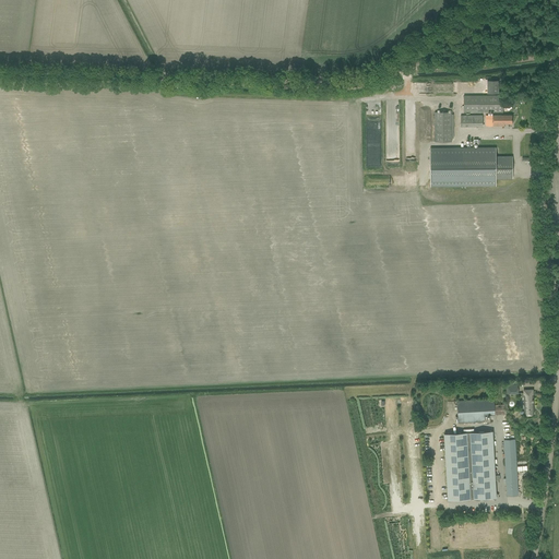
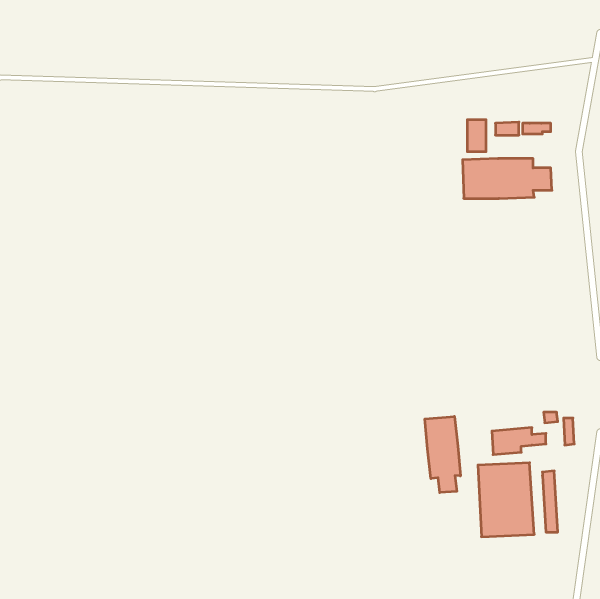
building: [464,94,503,111] -> none
building: none -> [425,416,460,493]

